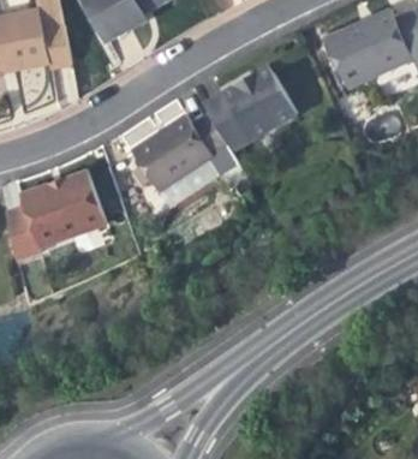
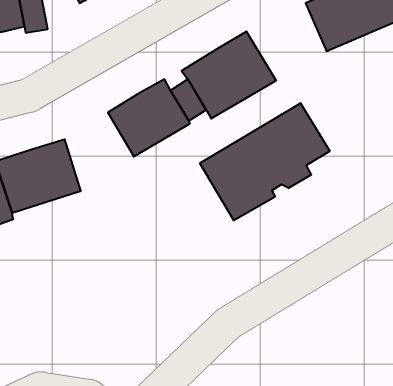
building: none -> [200,103,330,220]

